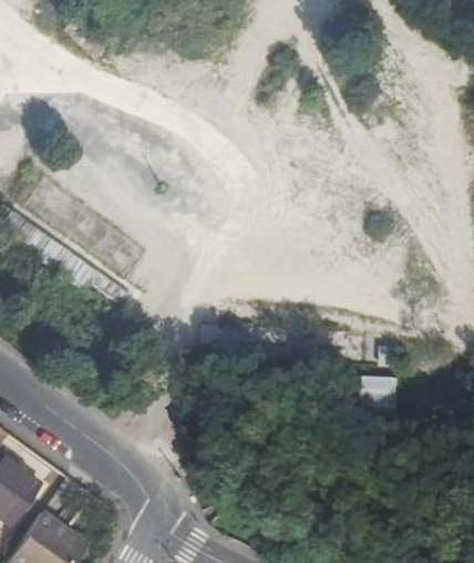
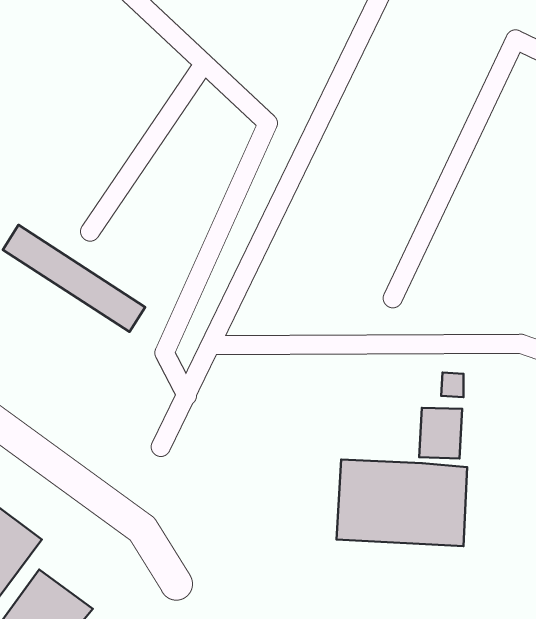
building: none -> [337,459,467,546]

